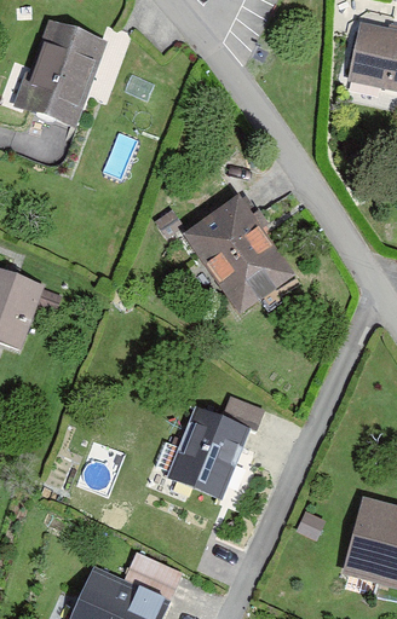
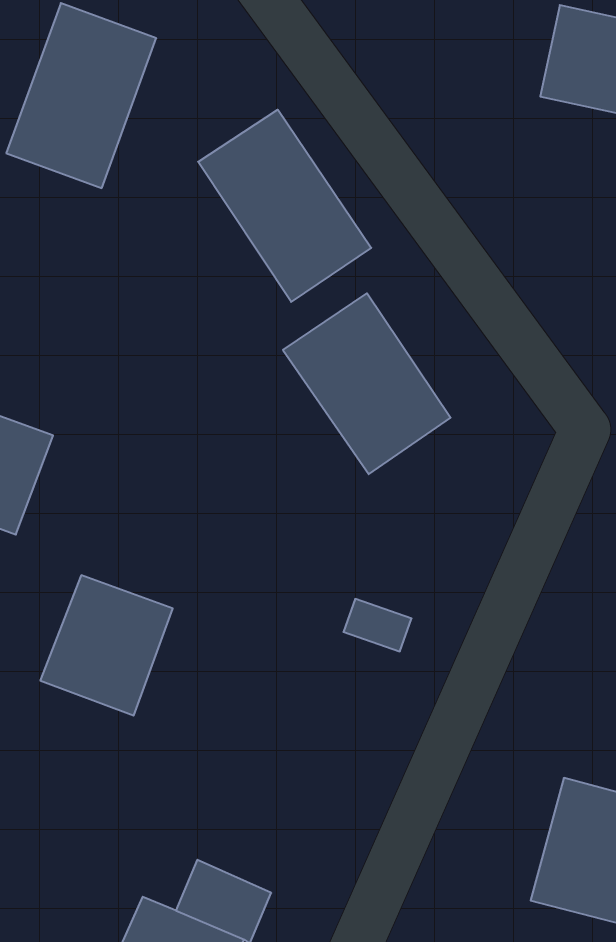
building: none -> [198,110,371,302]
building: [166,412,248,499] -> [40,575,173,716]

